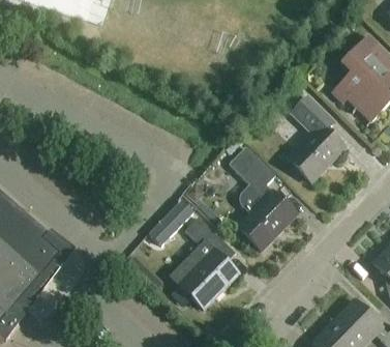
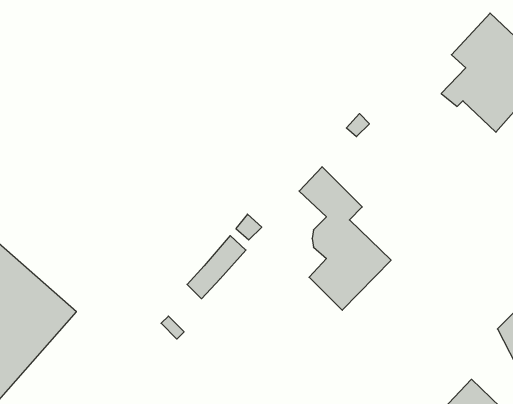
building: [288,95,343,181] -> none
building: [178,215,238,308] -> none

